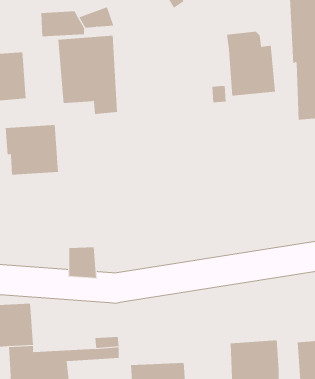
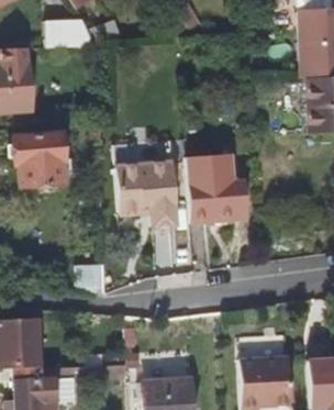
building: [226,31,276,96] -> [186,155,236,221]
building: [57,35,118,114] -> [118,141,179,221]

